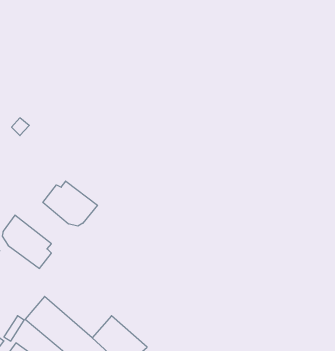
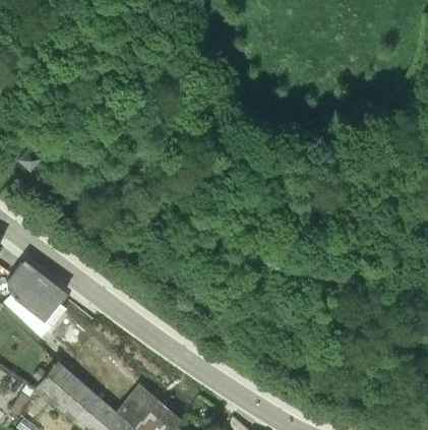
building: [43,181,97,226] -> none

